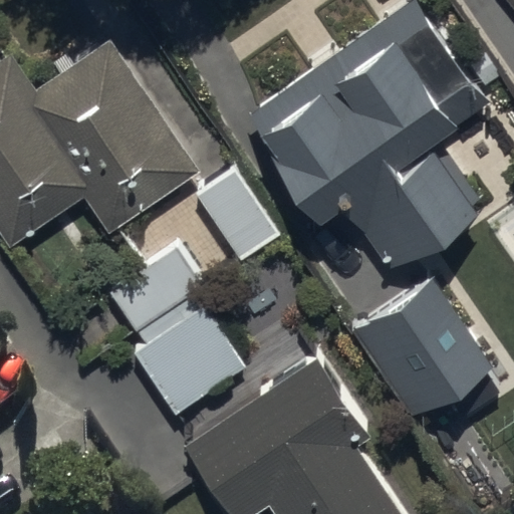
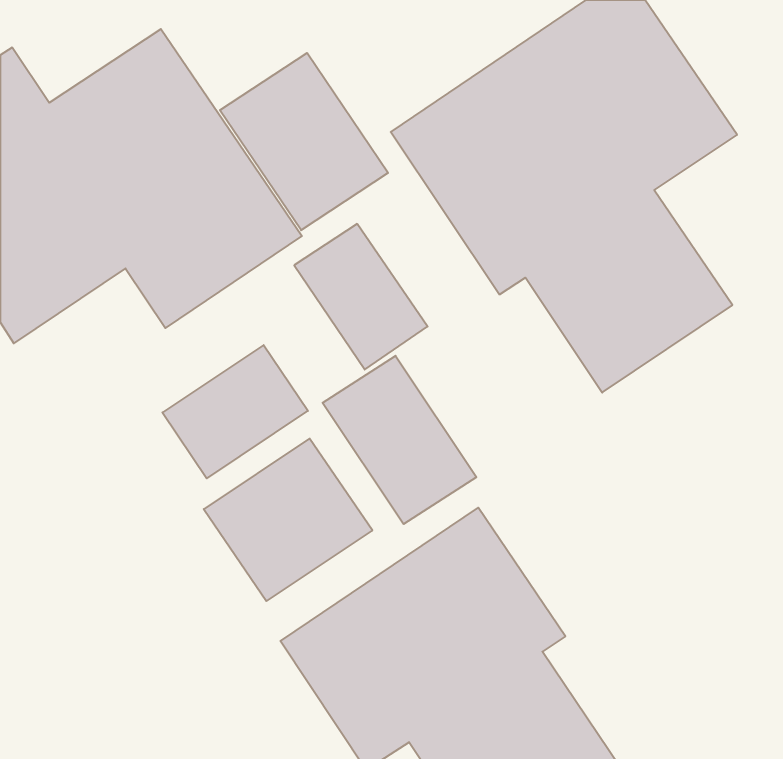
building: none -> [220,53,388,230]
building: none -> [323,356,476,524]
building: [351,276,493,421] -> none

